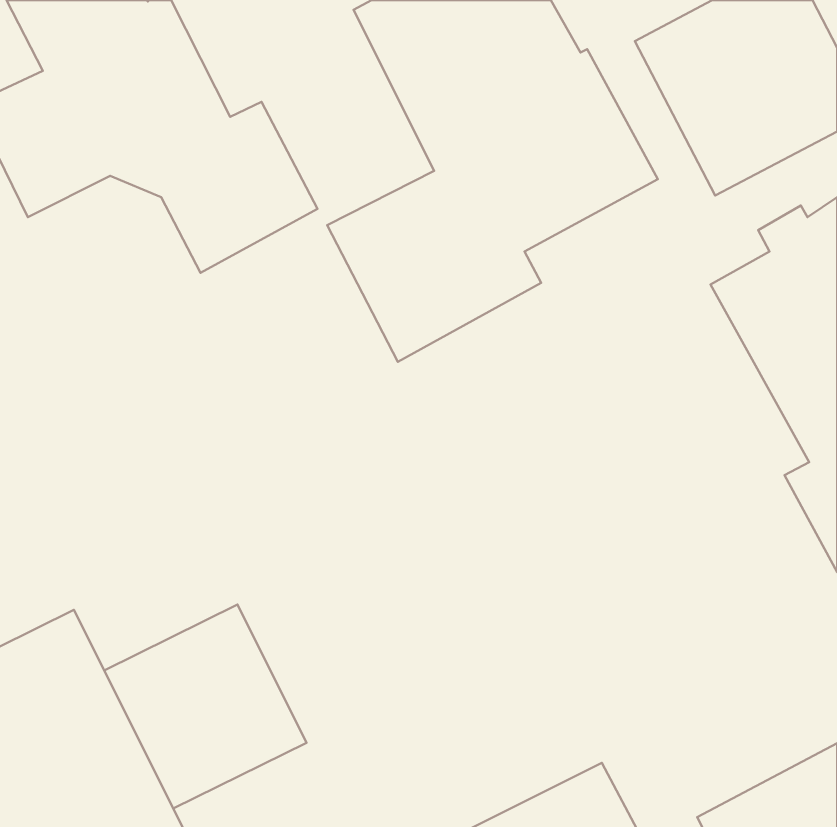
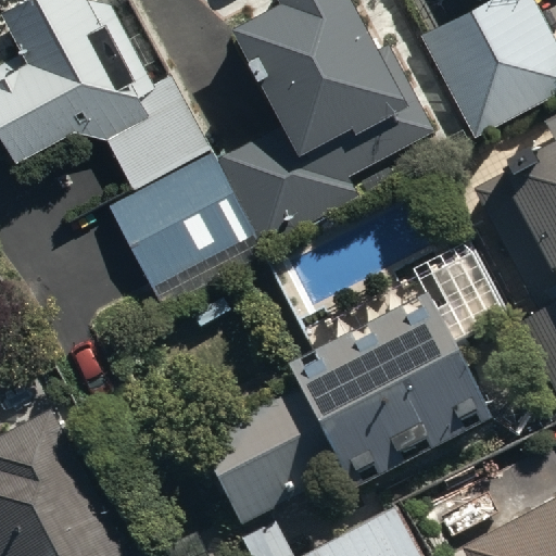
building: none -> [109,147,261,301]
building: none -> [290,293,491,490]
building: [104,605,306,808] -> [197,394,330,529]

